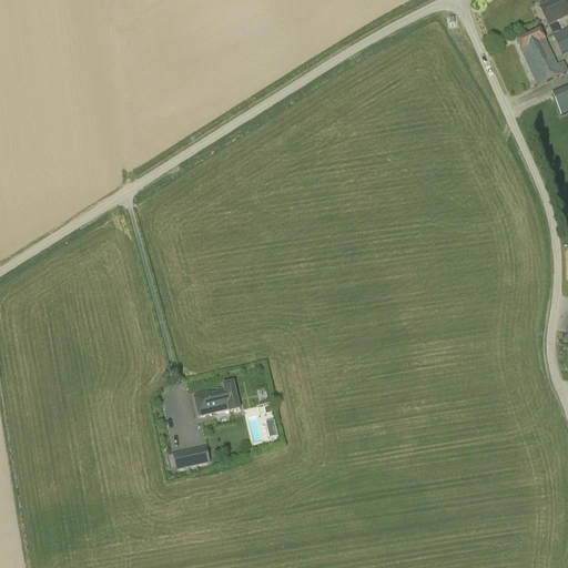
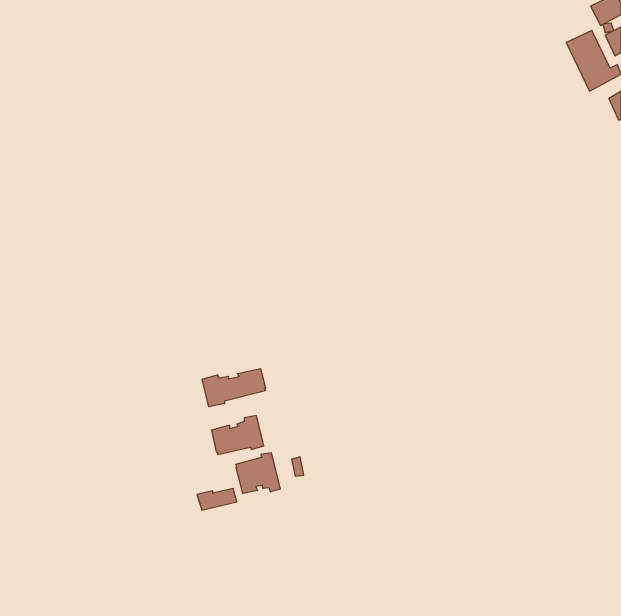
building: none -> [202,369,266,407]
building: none -> [236,453,280,494]

